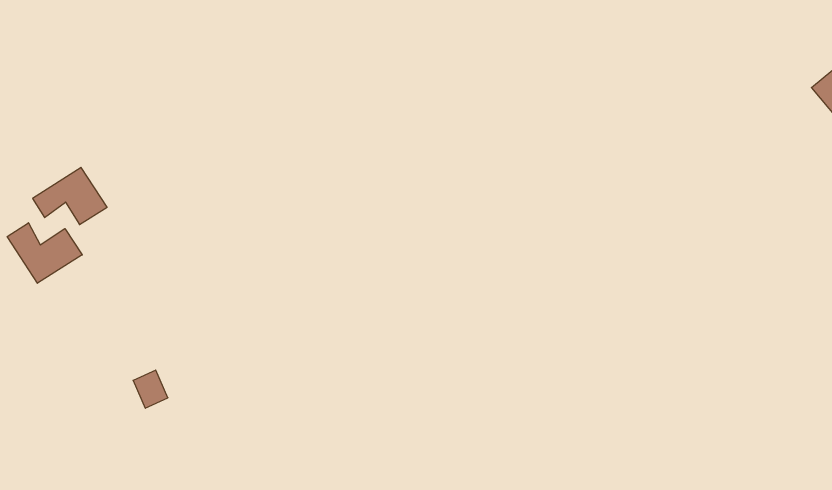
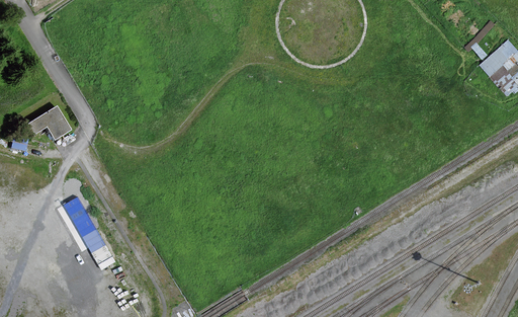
building: [7,223,82,283] -> none

